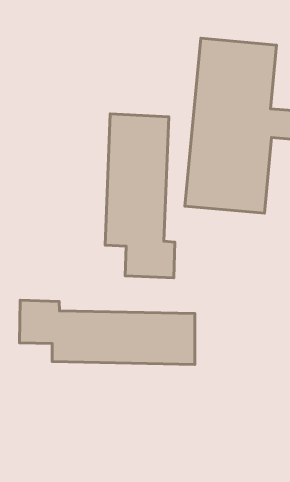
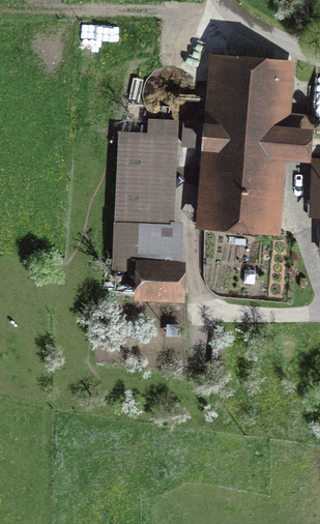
building: [20,300,195,364] -> none

